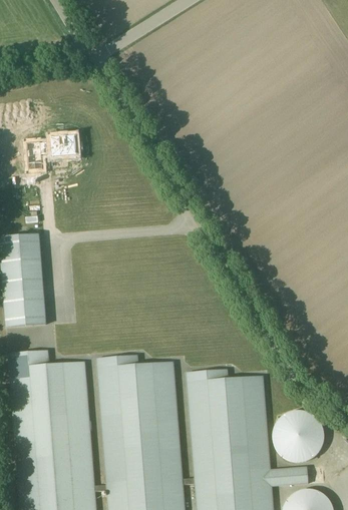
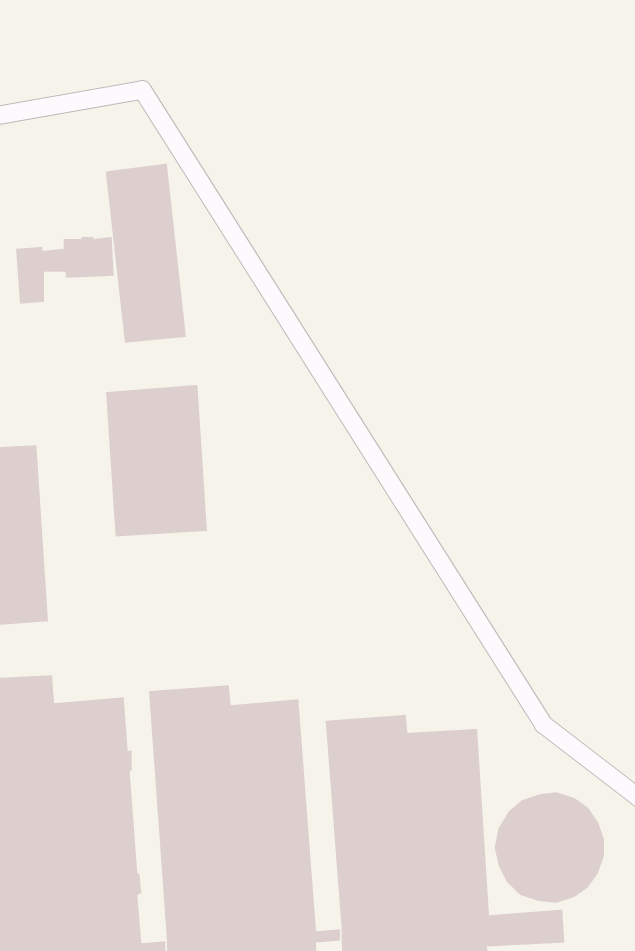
building: none -> [105,163,187,344]
building: none -> [106,384,208,537]

